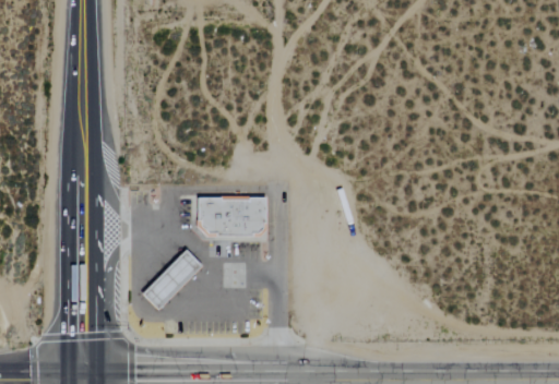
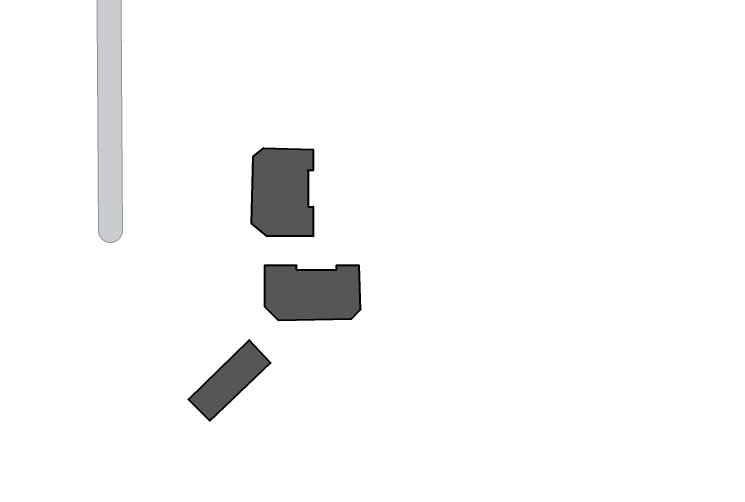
building: none -> [252,148,313,236]

